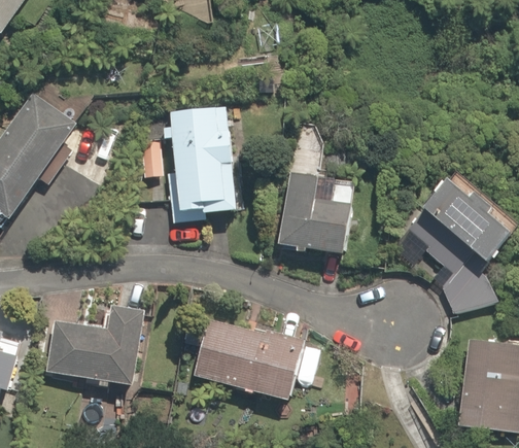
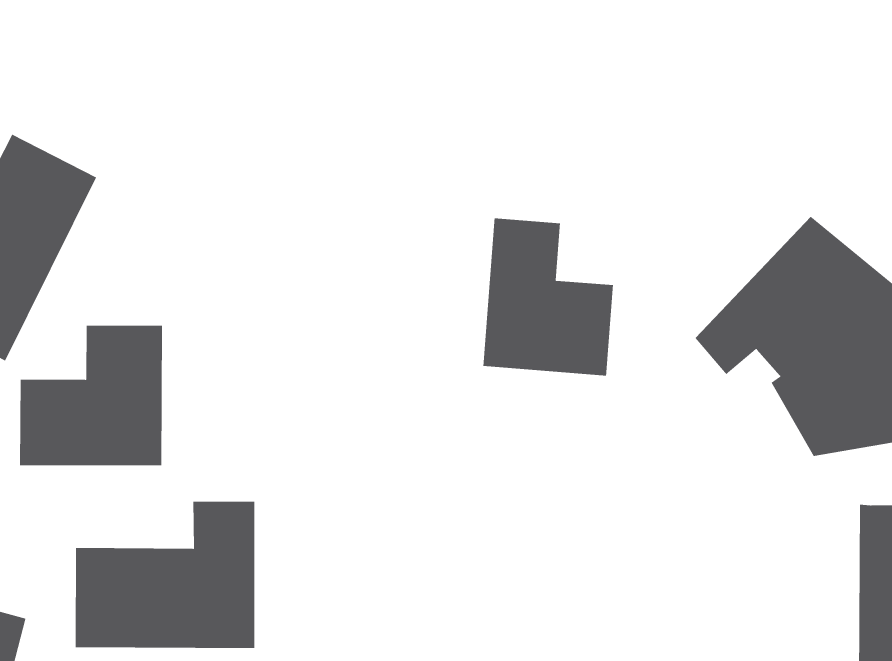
building: [160,96,240,220] -> none
building: none -> [19,325,163,466]
building: [185,310,301,397] -> none

